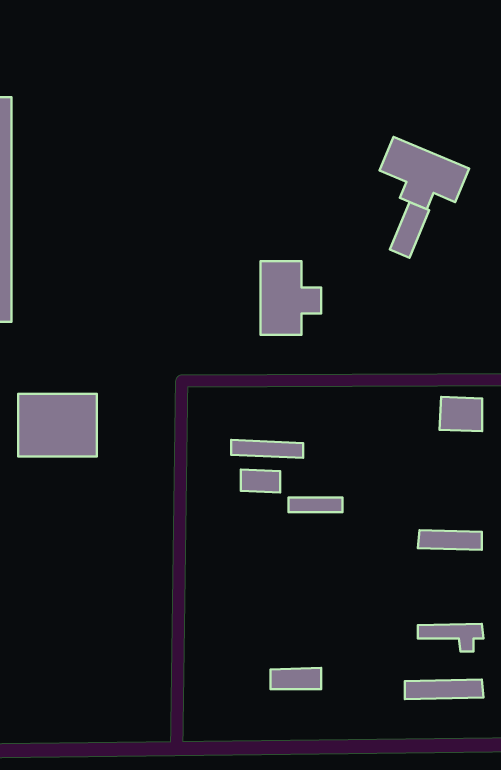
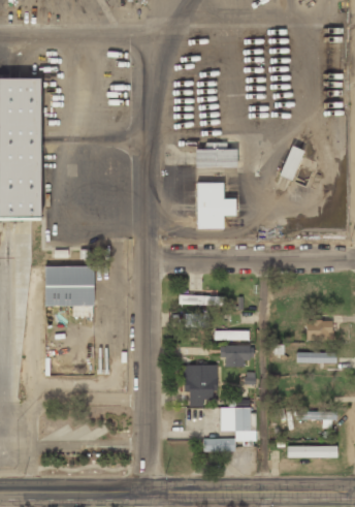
building: [379,137,469,209] -> none
building: none -> [195,149,236,166]
building: [440,397,482,431] -> [305,319,332,341]
building: none -> [220,345,254,367]
building: none -> [183,365,217,407]
building: none -> [220,407,256,441]

